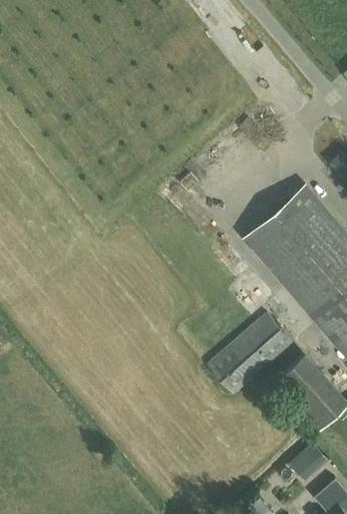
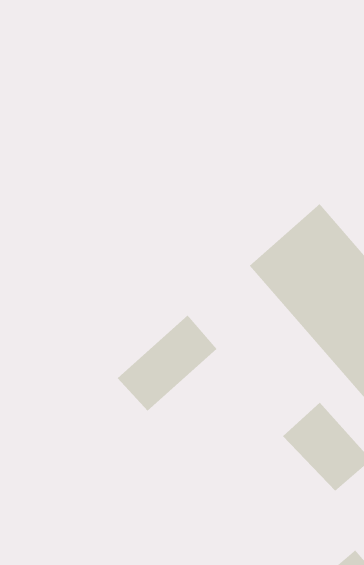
building: [208,312,293,395] -> [117,314,217,411]
building: [289,444,327,481] -> none

